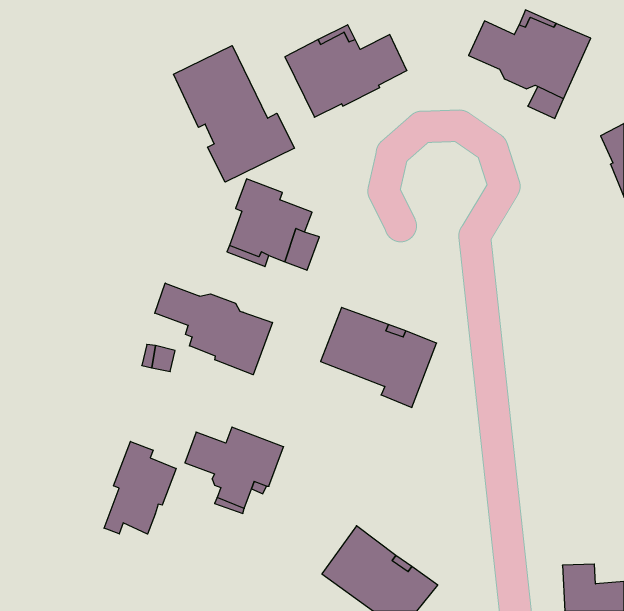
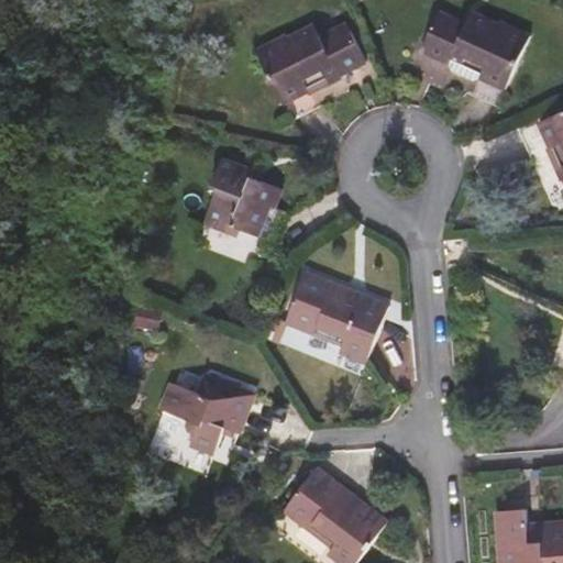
building: [174,46,294,182] -> none
building: [155,283,272,375] -> none
building: [104,441,176,534] -> none

